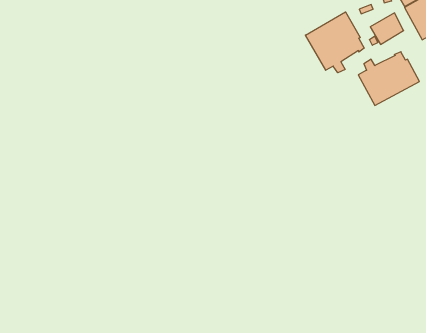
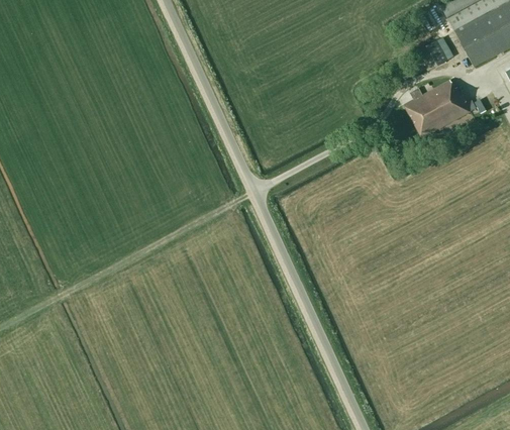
building: [305,12,364,73] -> none

